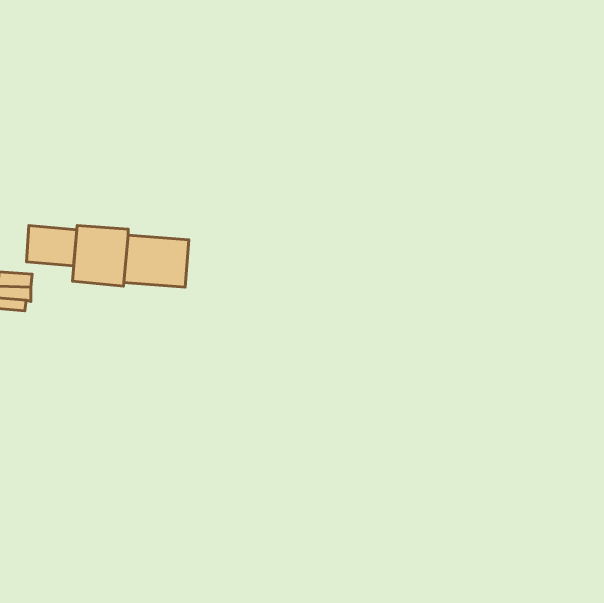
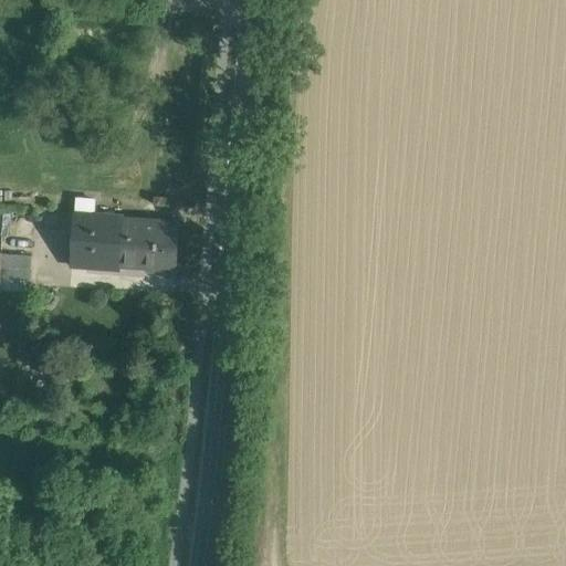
building: [27,226,77,266] -> none

